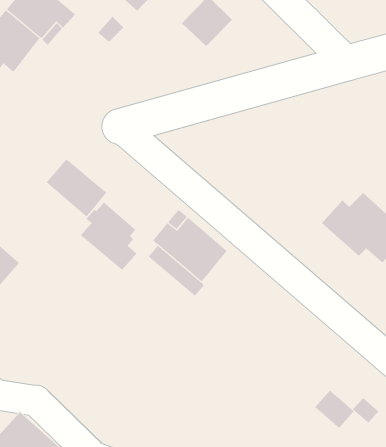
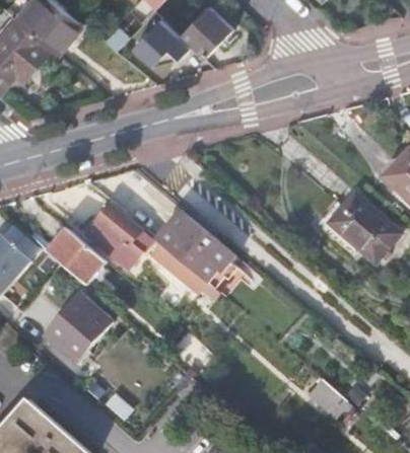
building: none -> [134,19,191,66]
building: [46,158,107,218] -> [49,230,107,286]
building: none -> [46,296,112,362]

